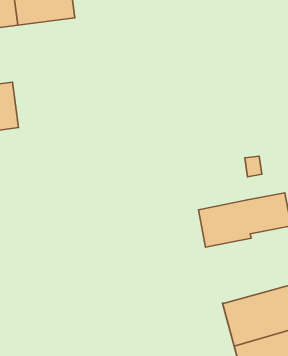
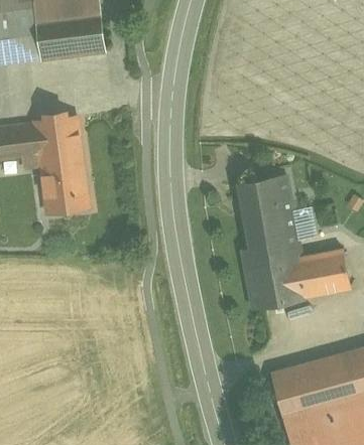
building: none -> [34,116,90,212]
building: none -> [238,175,300,267]

